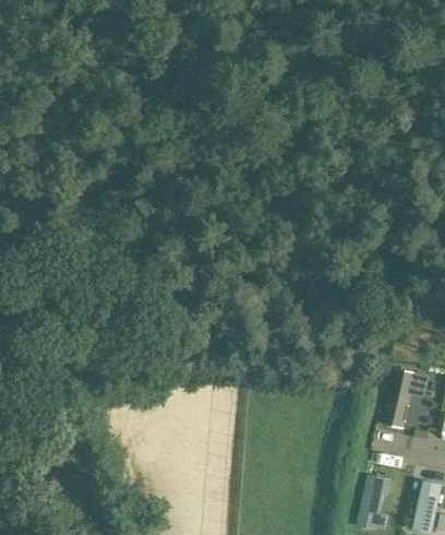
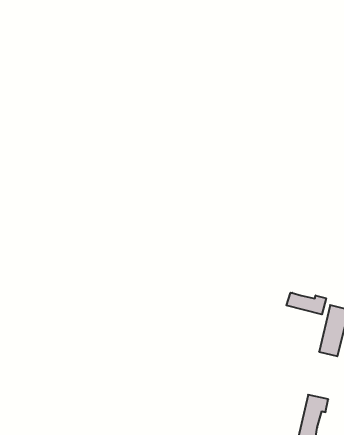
building: none -> [286,293,326,314]

